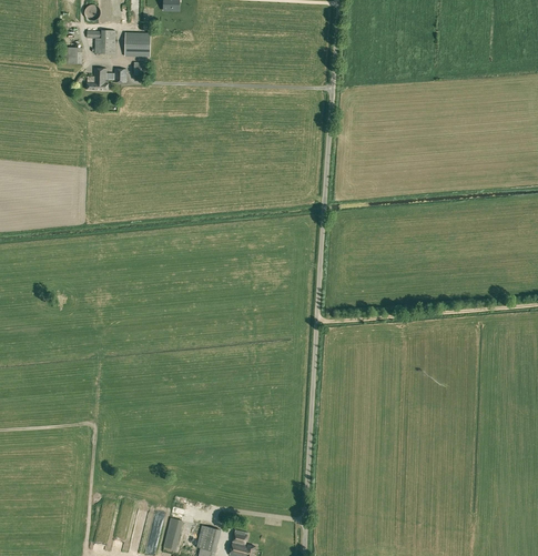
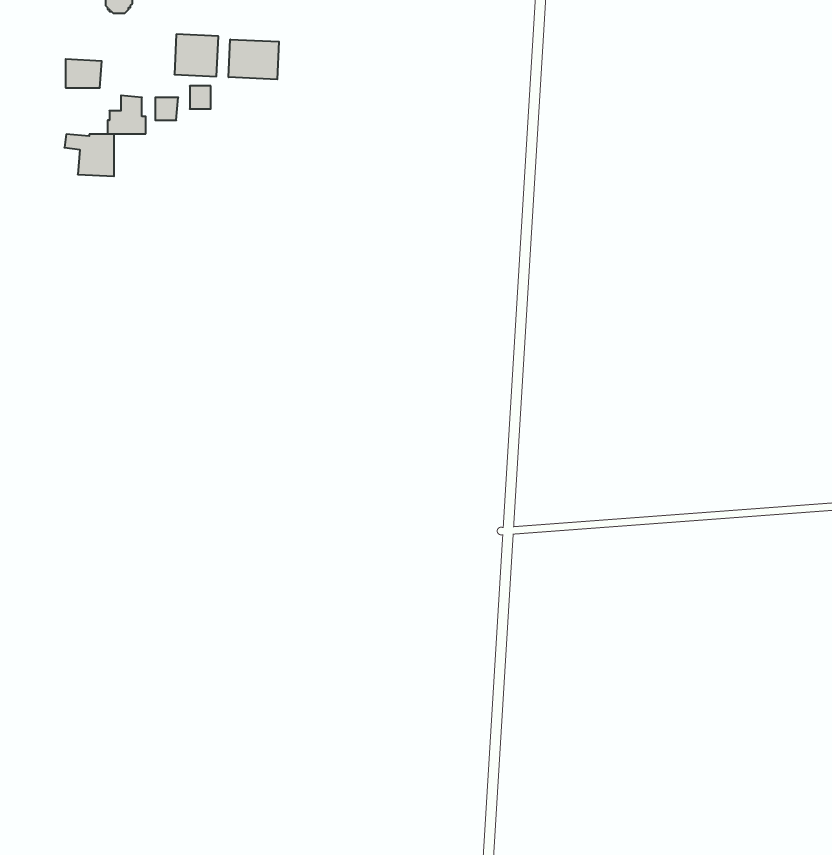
building: [87,30,115,54] -> [64,134,114,176]
building: none -> [229,39,279,79]

